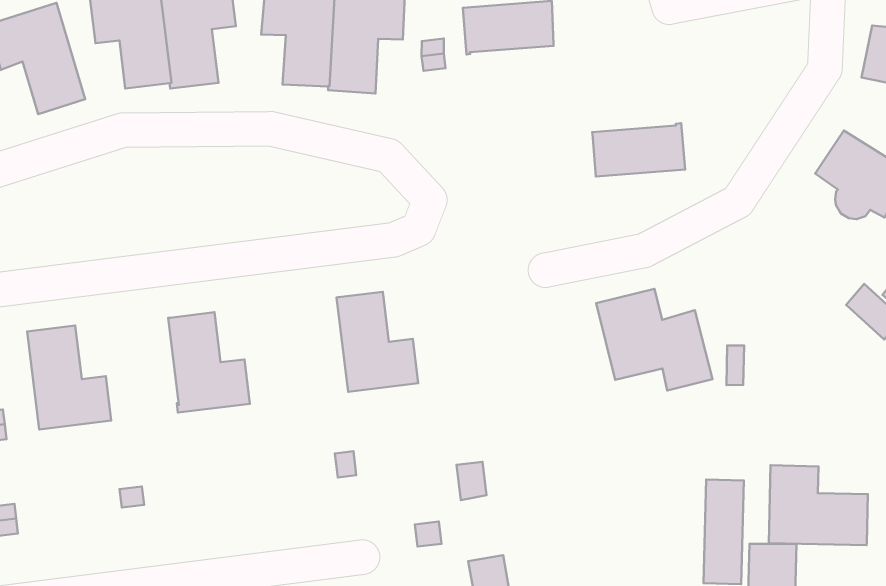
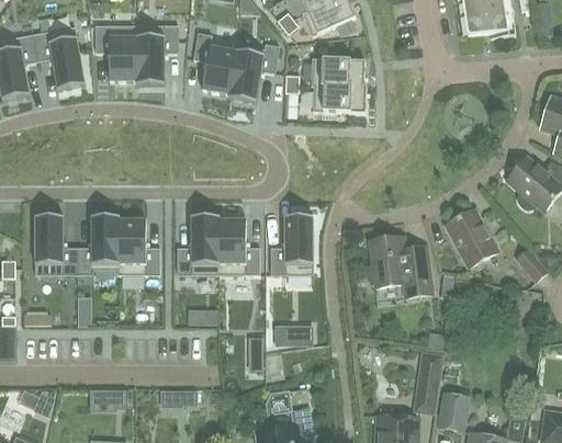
building: [592,123,685,177] -> [312,84,366,113]
building: none -> [443,208,497,268]
building: none -> [270,216,312,274]
building: none -> [177,216,218,274]
building: none -> [77,216,119,274]
building: [769,465,868,545] -> none

